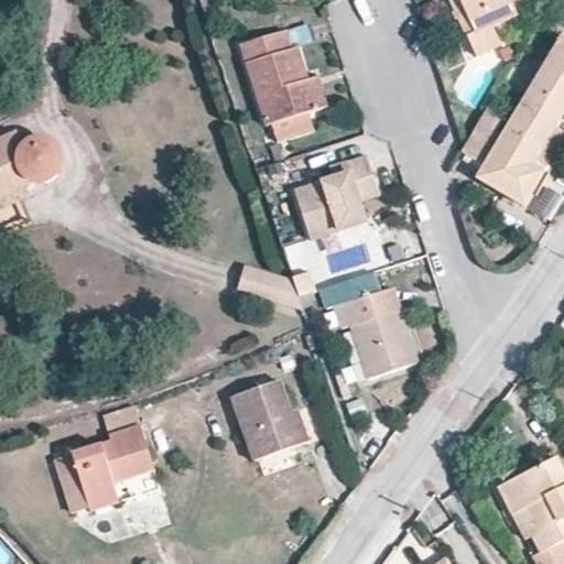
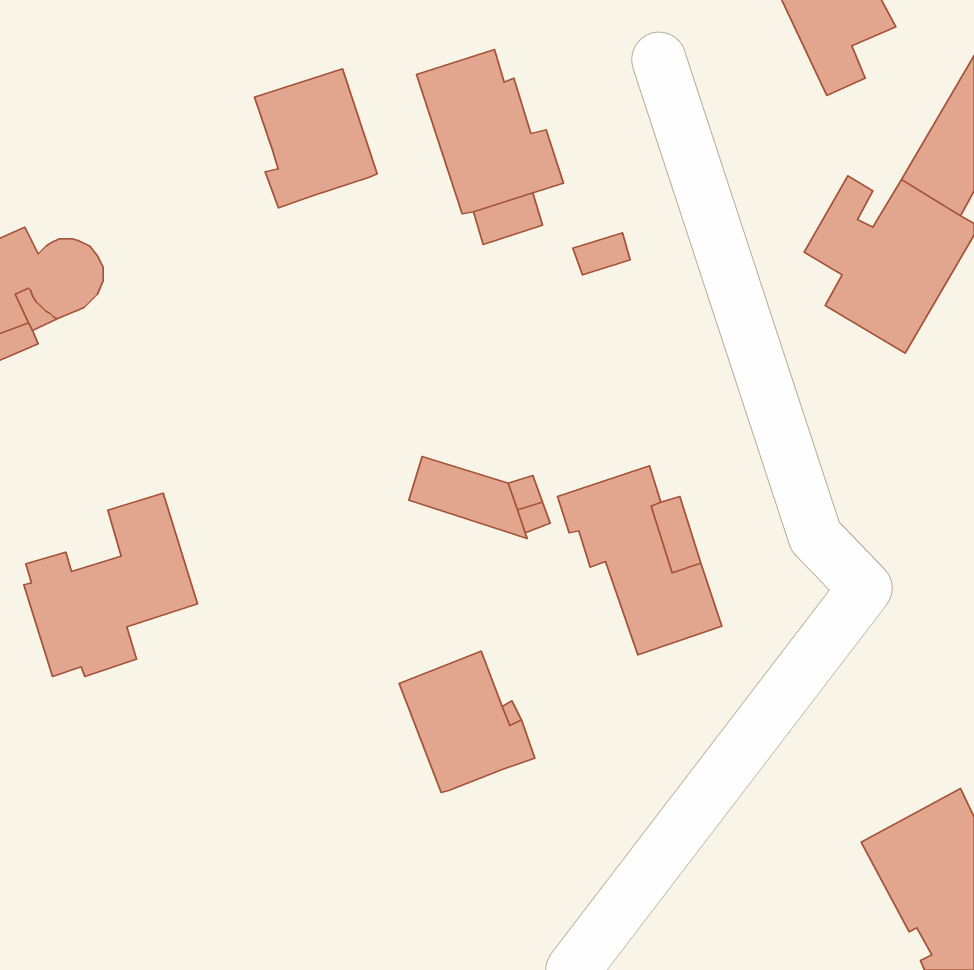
building: none -> [255,69,377,208]
building: [295,153,379,251] -> none
building: [54,404,154,510] -> [24,493,198,676]

